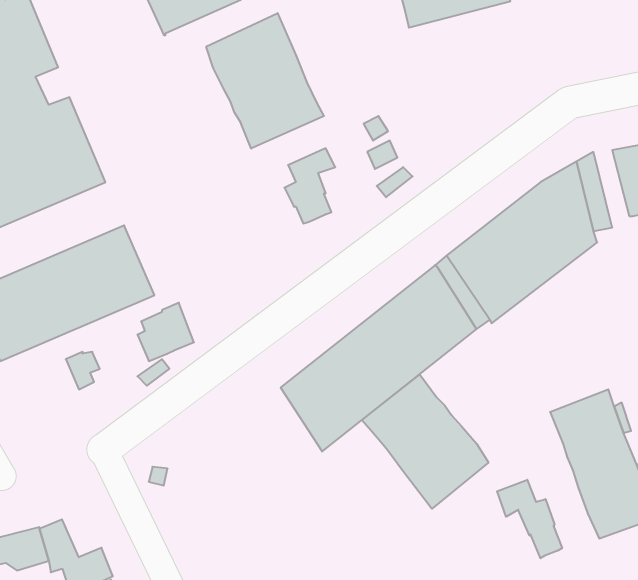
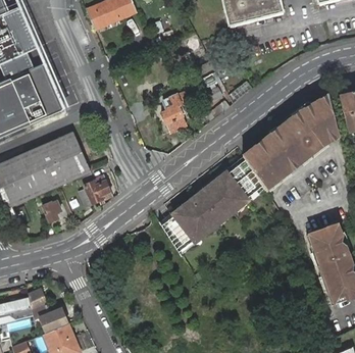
building: [206,13,324,149] -> none
building: [362,374,488,509] -> none
building: [497,480,562,558] -> none

